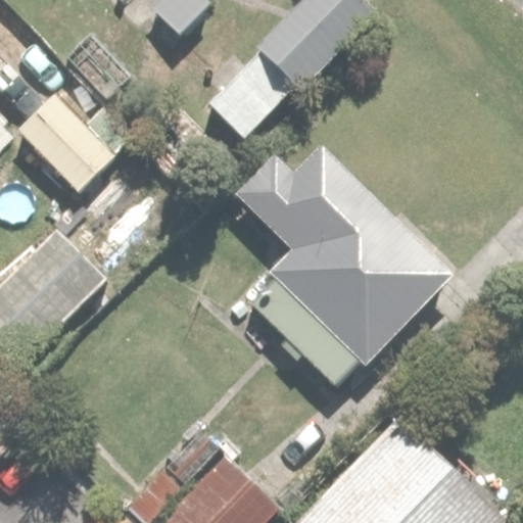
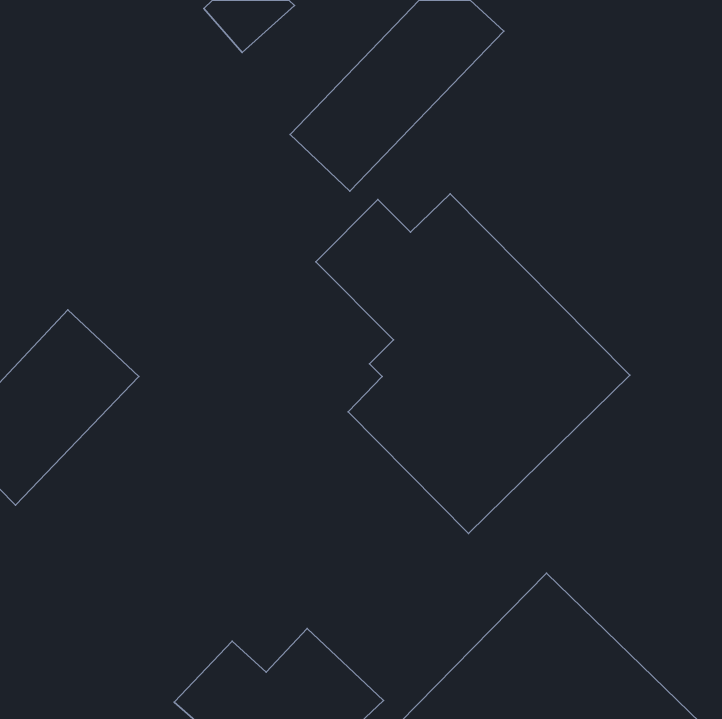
building: [15,83,125,191] -> none

